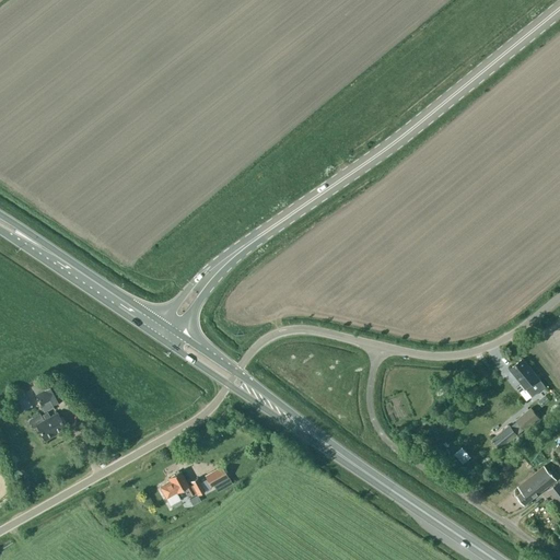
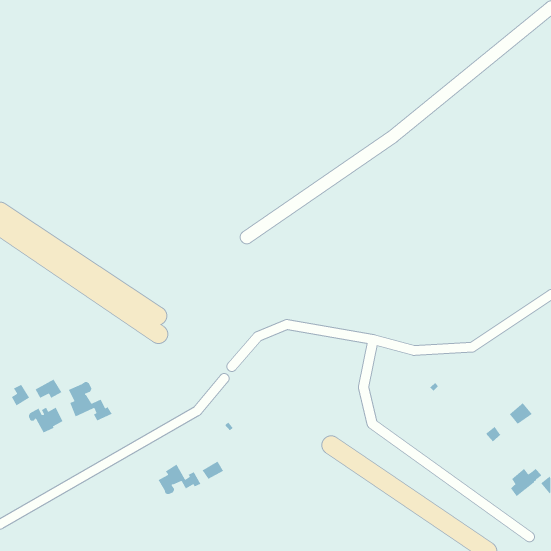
building: [509,358,545,399] -> none
building: none -> [68,381,113,422]

